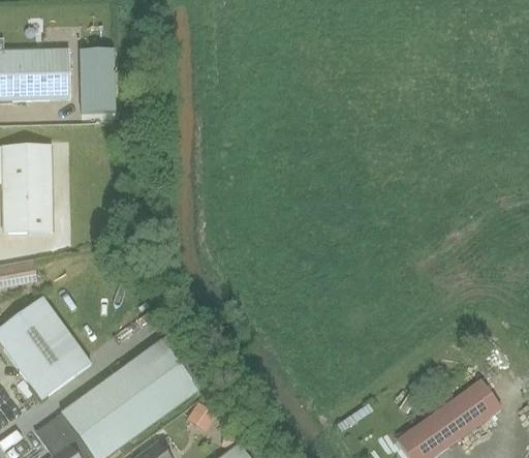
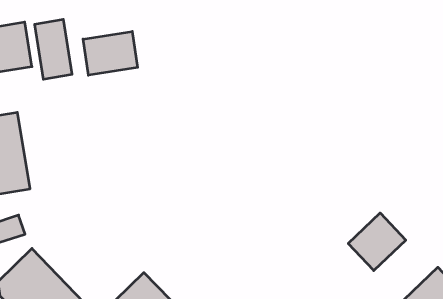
building: none -> [83,31,138,75]
building: none -> [348,213,406,271]

